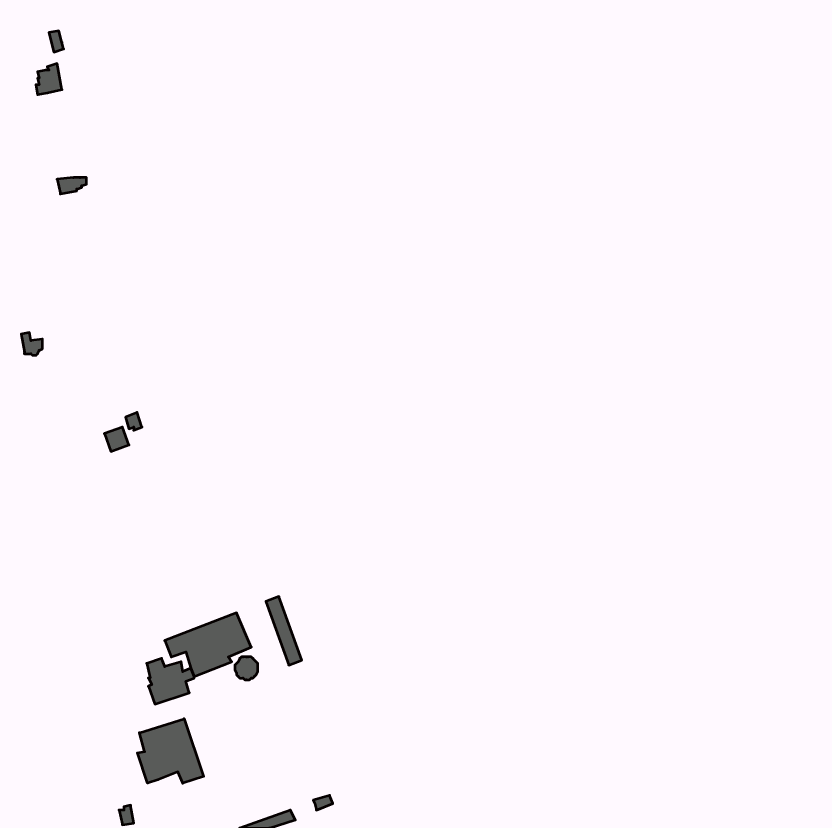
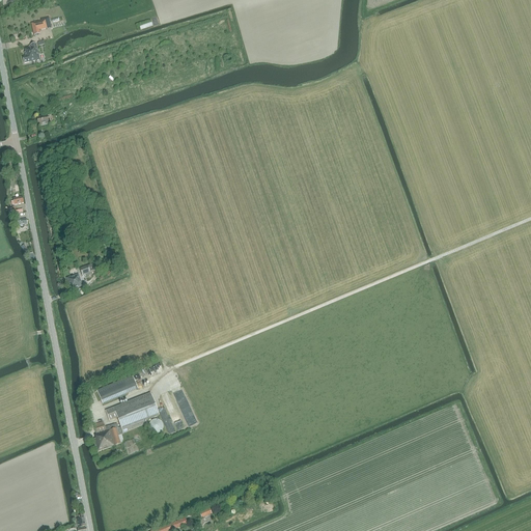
building: none -> [99,373,139,401]
building: [137,719,204,783] -> none

